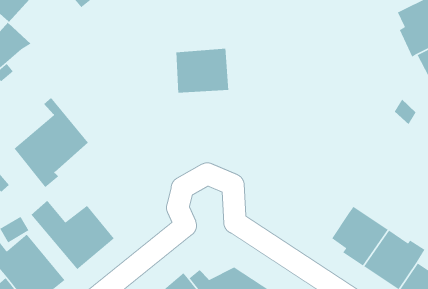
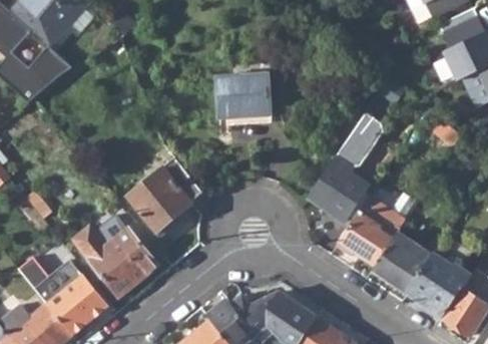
building: none -> [309,113,384,222]
building: [13,97,89,188] -> [127,144,203,237]
building: none -> [337,198,406,265]

